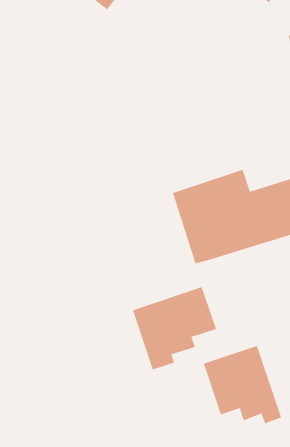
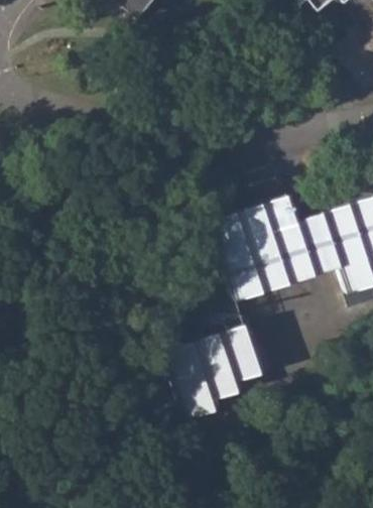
building: [203,345,282,424] -> none

